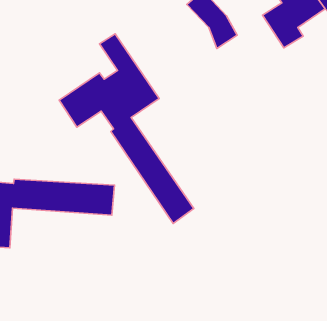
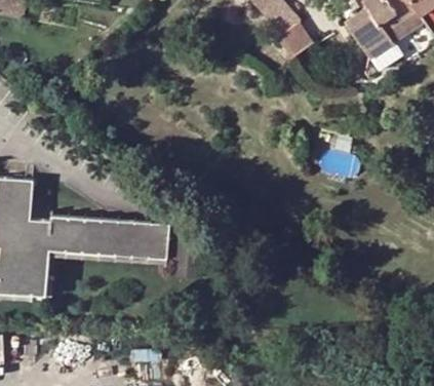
building: [59,34,194,224] -> none

